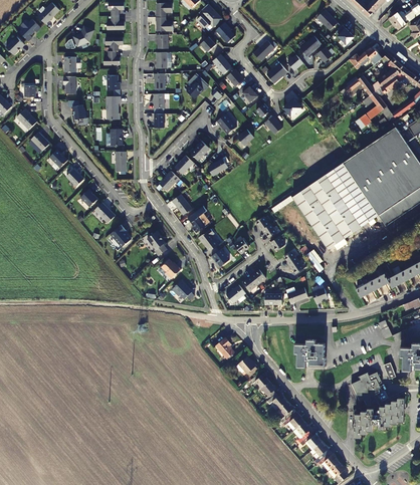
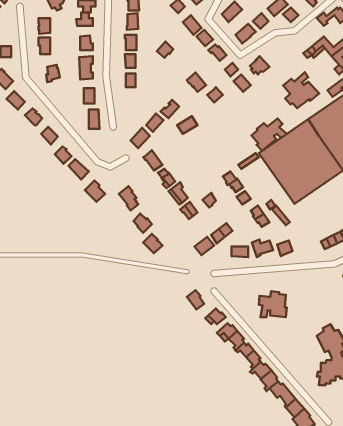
building: none -> [283,72,319,108]
building: none -> [251,119,287,151]

